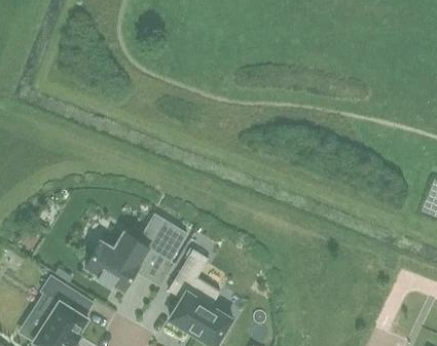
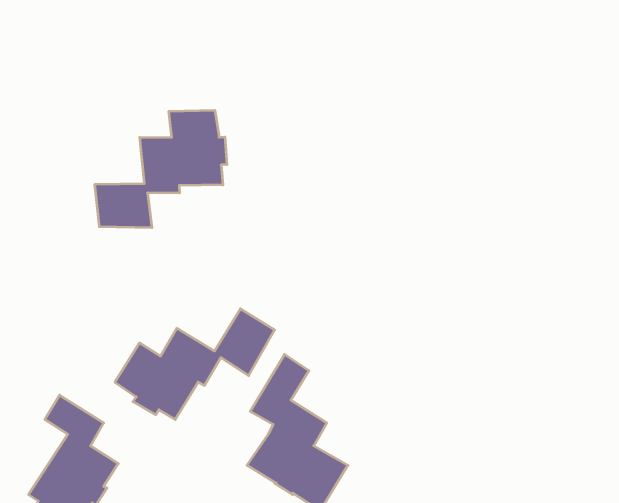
building: none -> [95,110,227,228]

